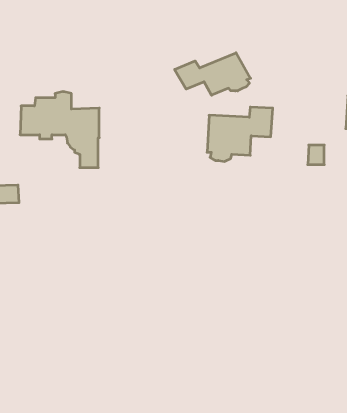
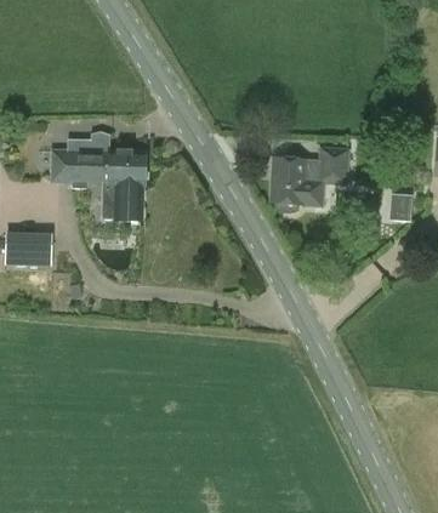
building: [175,53,251,95] -> none

